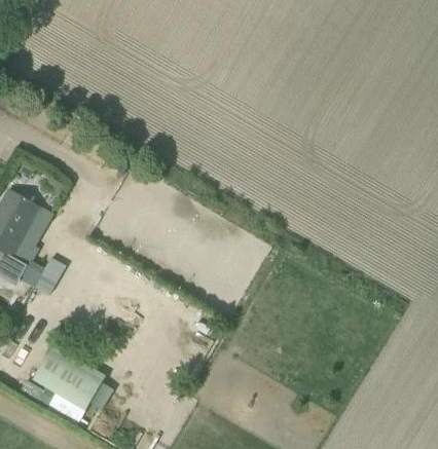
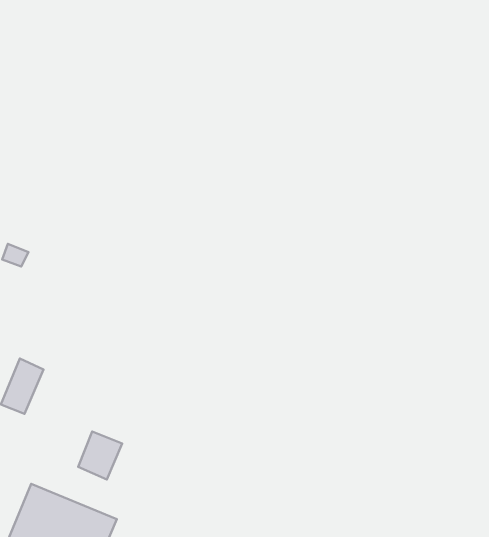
building: none -> [78,431,122,479]

